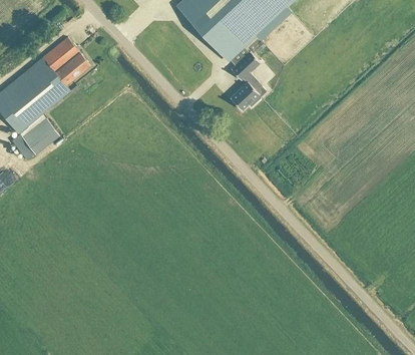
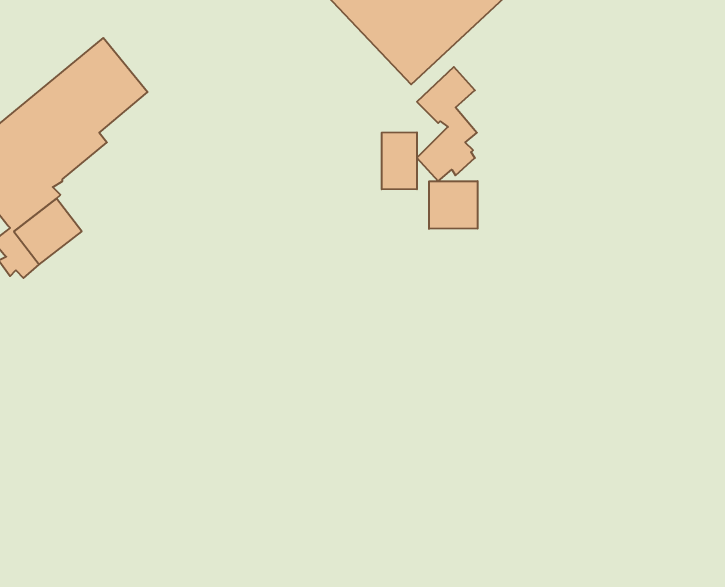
building: none -> [382,132,417,189]
building: none -> [429,181,478,229]

